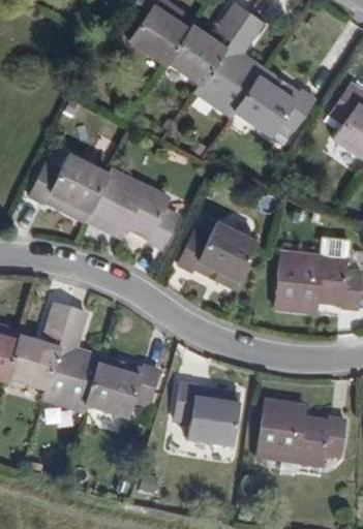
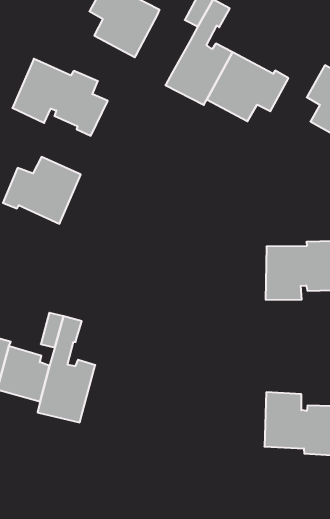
building: [167,24,219,82] -> none
building: [81,175,174,253] -> [12,59,108,136]
building: [174,223,252,289] -> none
building: [90,361,164,424] -> none
building: [177,379,241,444] -> none

